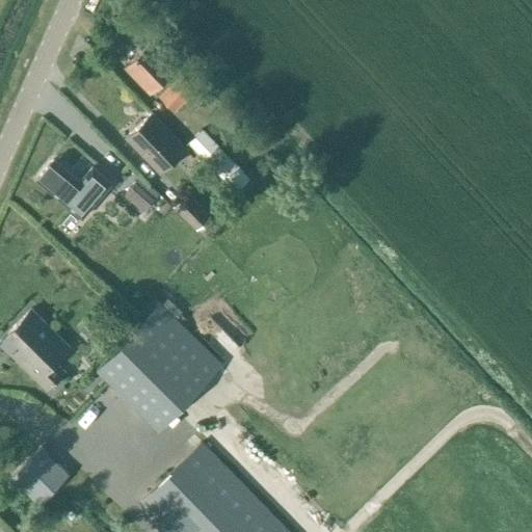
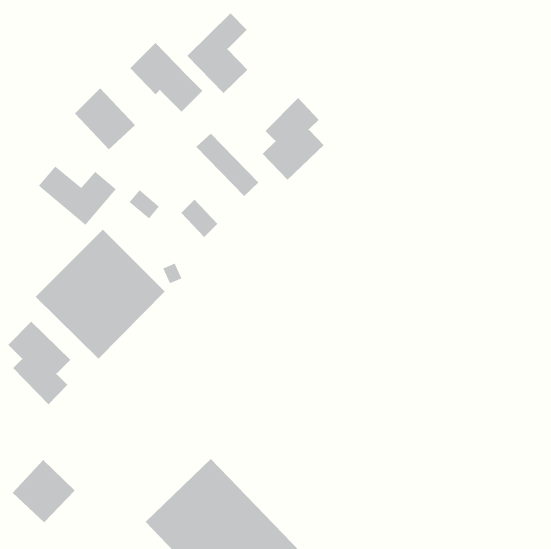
building: none -> [187,13,248,94]
building: none -> [262,97,325,180]
building: [127,115,186,176] -> [74,87,136,150]
building: [98,307,223,432] -> [35,229,166,359]

